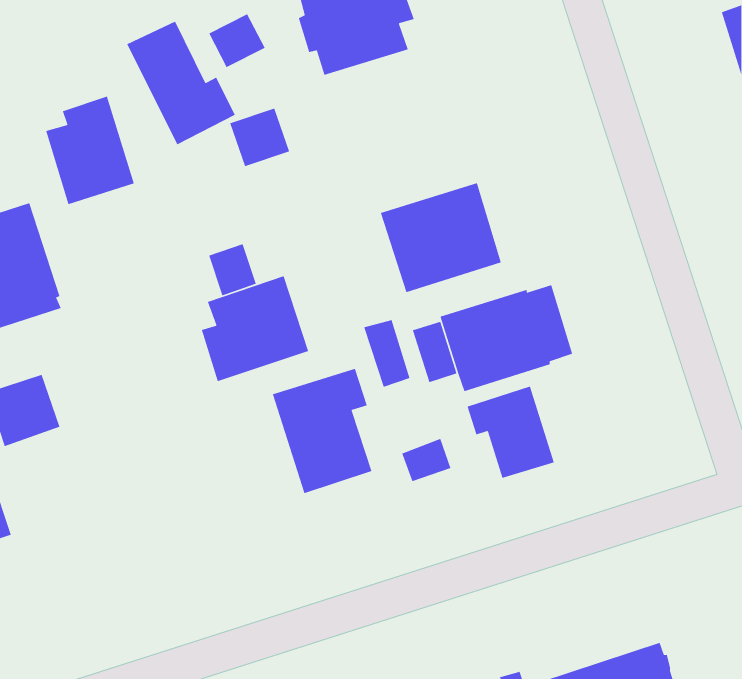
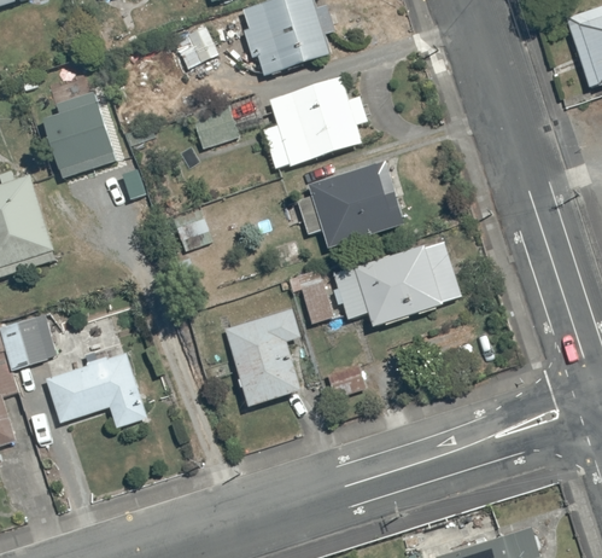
building: [126,20,236,145] -> none
building: none -> [261,77,367,169]
building: [201,275,309,382] -> none
building: [467,385,555,479] -> none
building: none -> [45,353,146,428]

